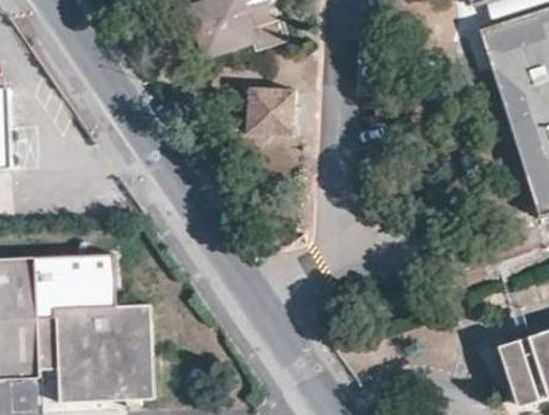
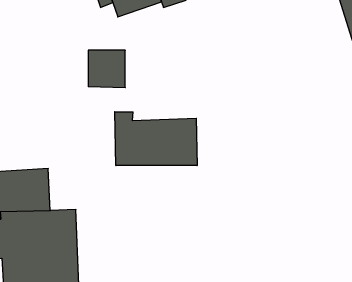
building: [249,92,296,139] -> [88,50,125,88]
building: none -> [115,112,197,166]

